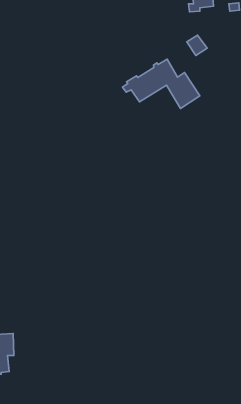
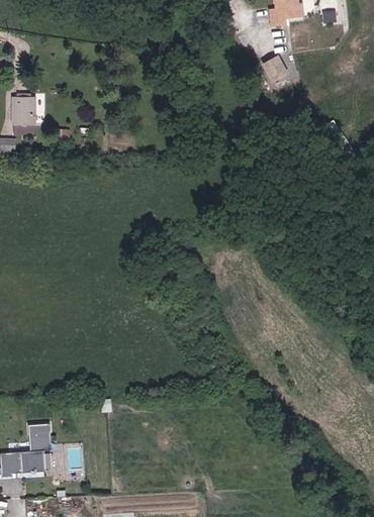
building: [123,59,200,108] -> none

